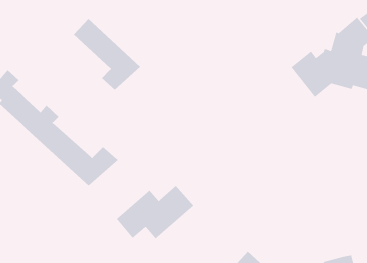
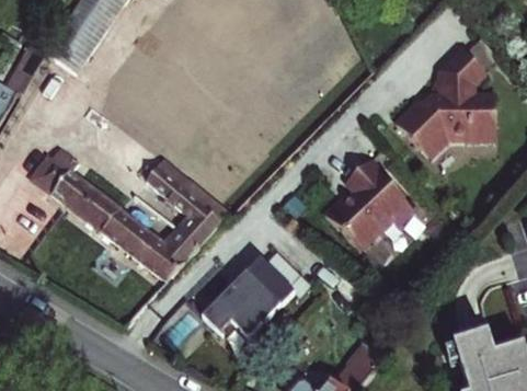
building: [73,18,141,90] -> [141,161,225,244]
building: none -> [319,154,409,245]

